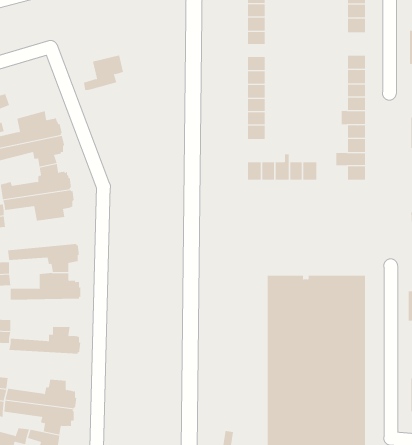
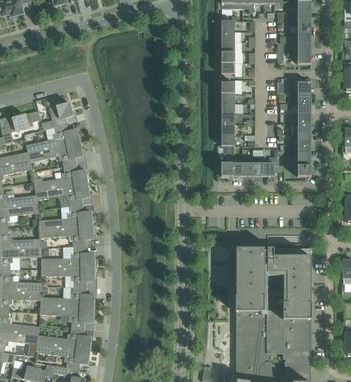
building: [83,55,124,90] -> [42,102,73,129]
building: none -> [39,204,93,229]
building: none -> [41,266,95,287]
building: none -> [40,305,94,328]

